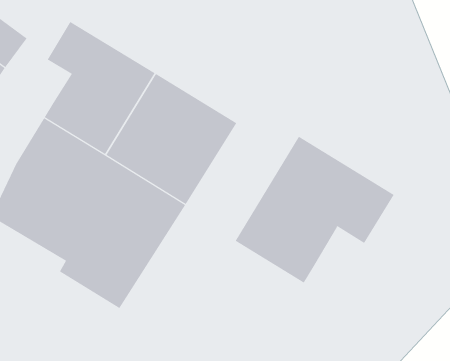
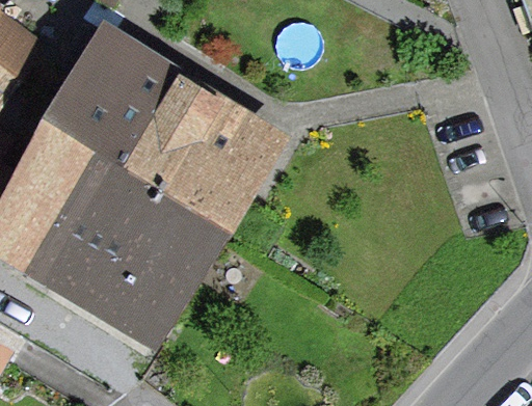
building: [235,136,394,283] -> none

